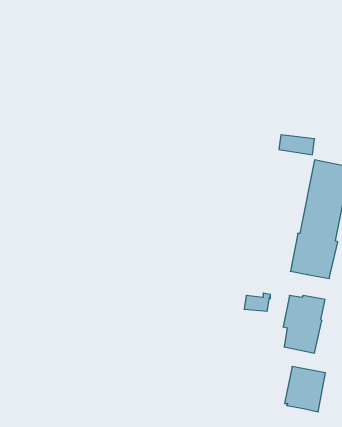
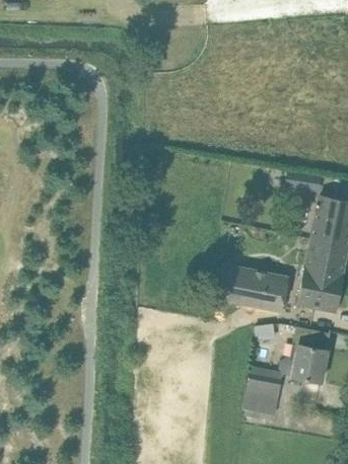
building: none -> [215,263,288,311]
building: [285,367,326,412] -> [242,372,282,415]

